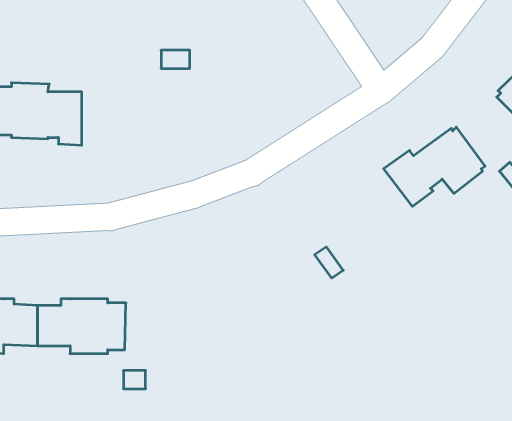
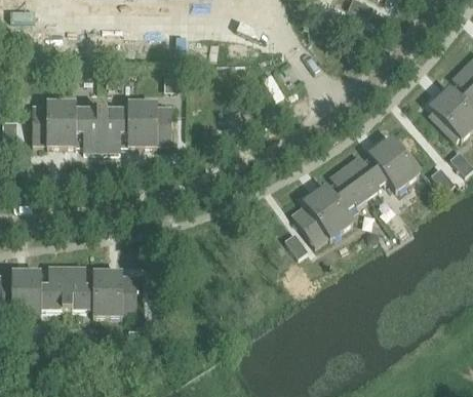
building: none -> [103,102,171,150]
building: none -> [292,168,363,243]

